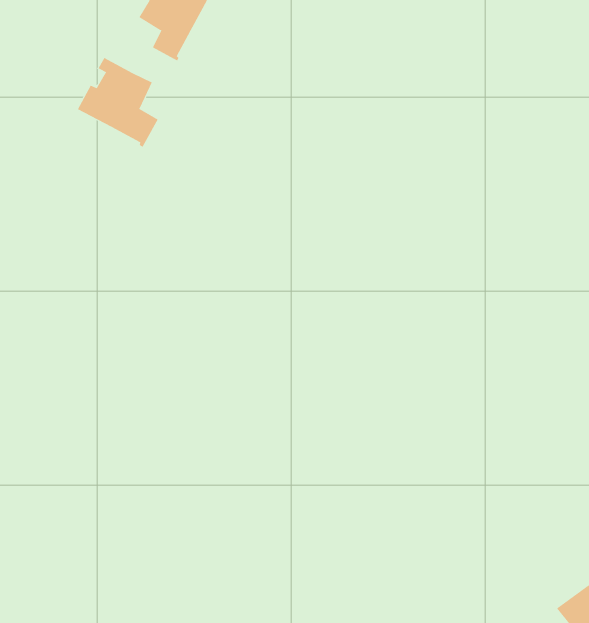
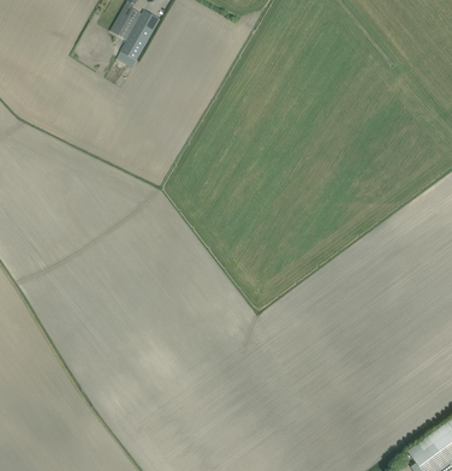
building: [77,57,158,148] -> none

